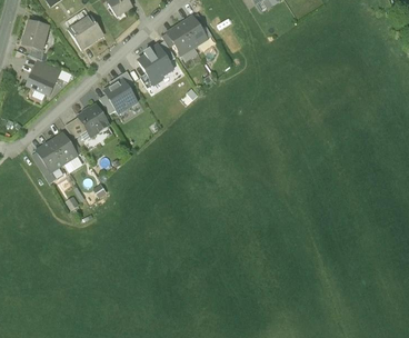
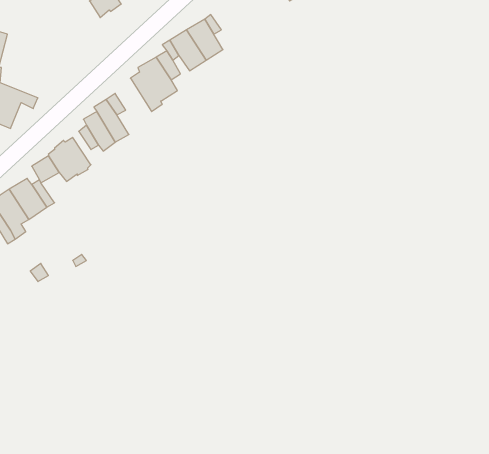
building: [69,14,102,48] -> none

